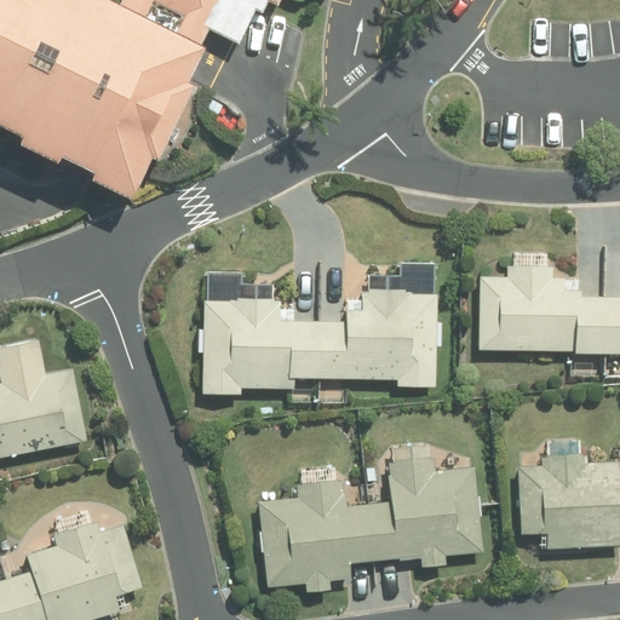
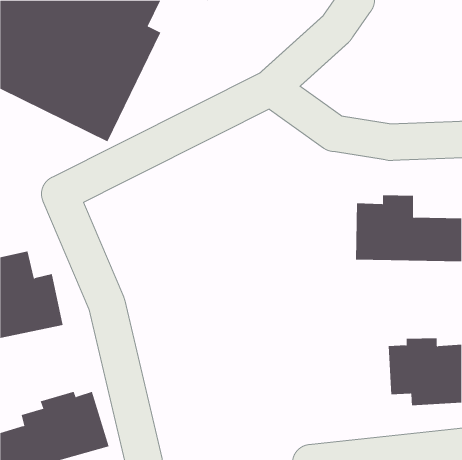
building: [200,289,437,394] -> none
building: [258,457,478,591] -> none

